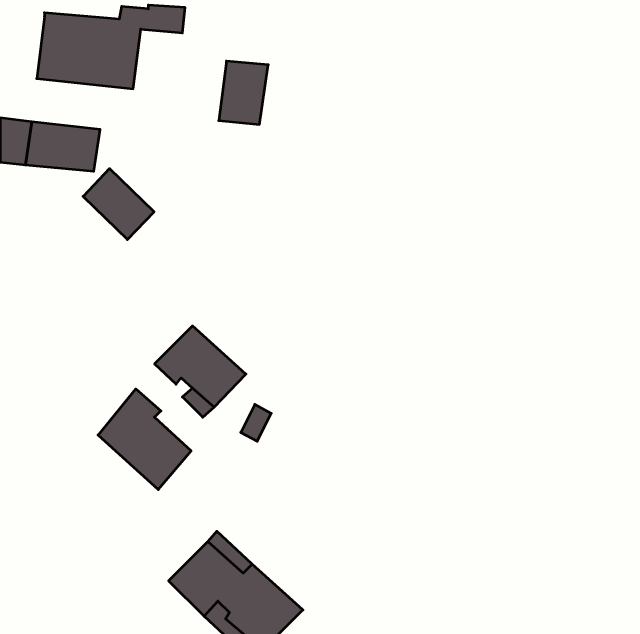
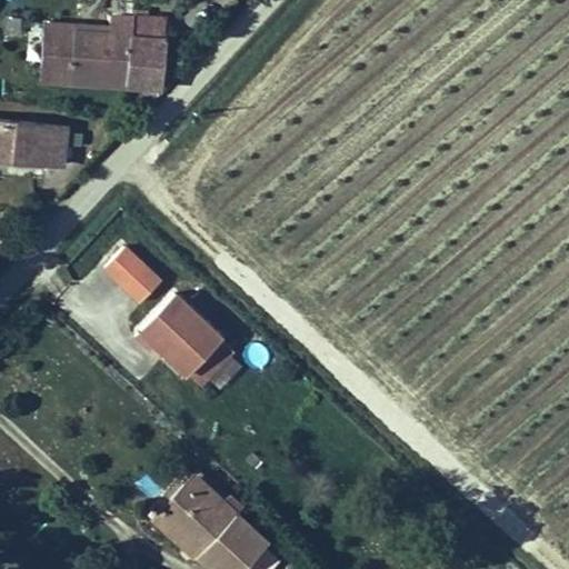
building: [219,61,268,124] -> [123,38,167,93]
building: [83,169,154,240] -> [106,250,168,312]
building: [98,389,191,490] -> none

